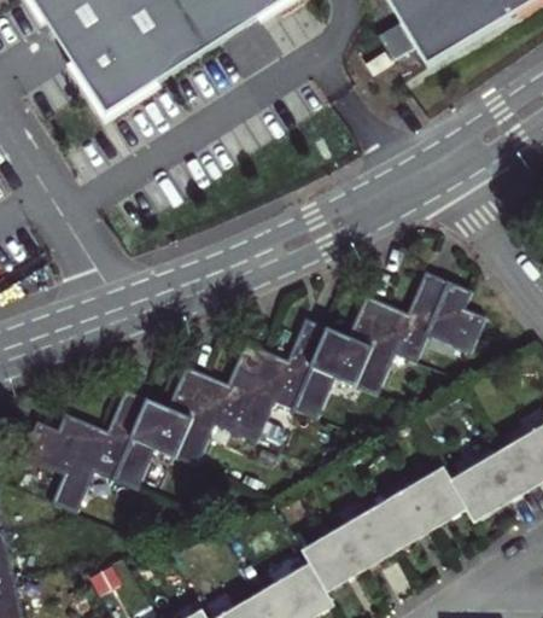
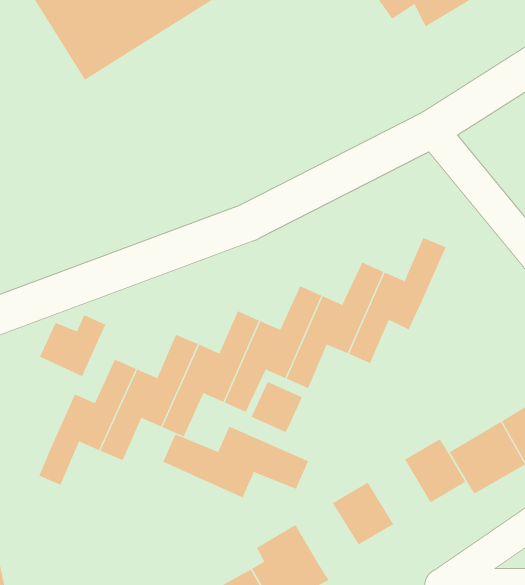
building: [426,280,483,350] -> none
building: none -> [251,381,302,433]
building: [23,413,88,473] -> [39,315,106,377]
building: none -> [163,426,309,498]
building: [373,486,433,549] -> none
building: [303,529,363,590] -> none

